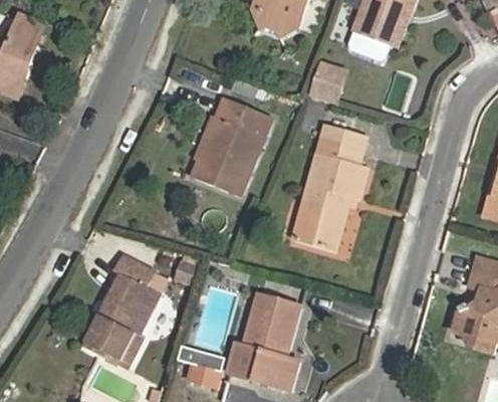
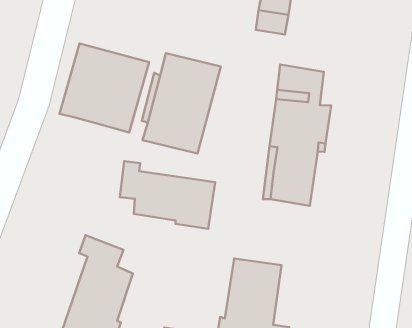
building: none -> [59,44,149,133]
building: none -> [120,161,215,229]

